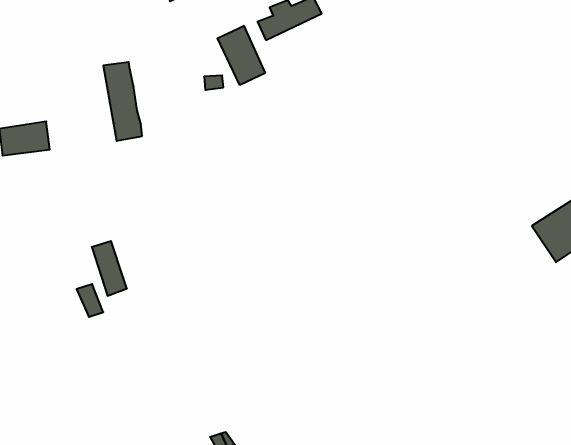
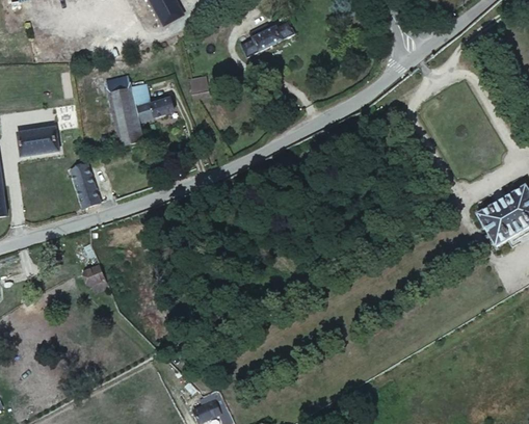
building: [217,26,265,85] -> none
building: none -> [129,79,174,117]
building: [92,241,127,296] -> [68,162,98,209]

